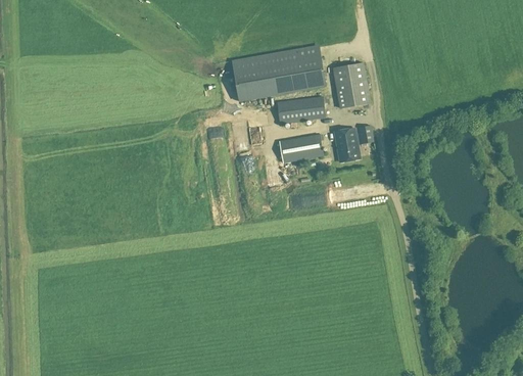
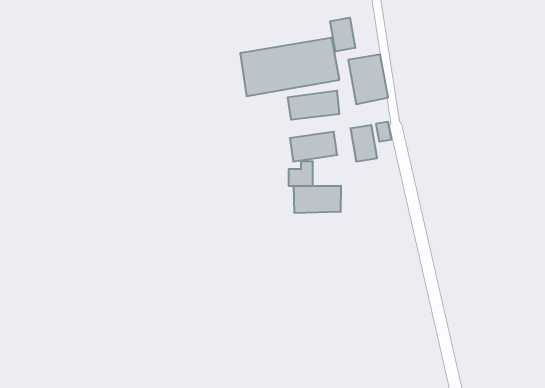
building: none -> [330,18,355,52]
building: none -> [294,186,341,213]

